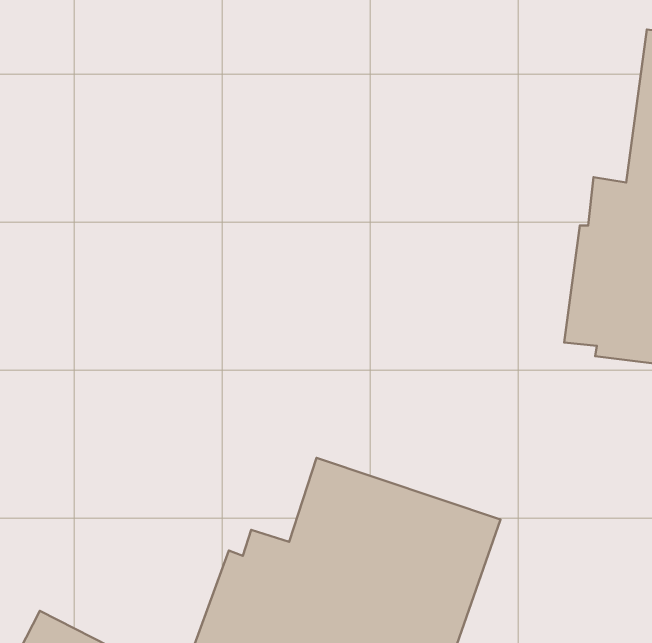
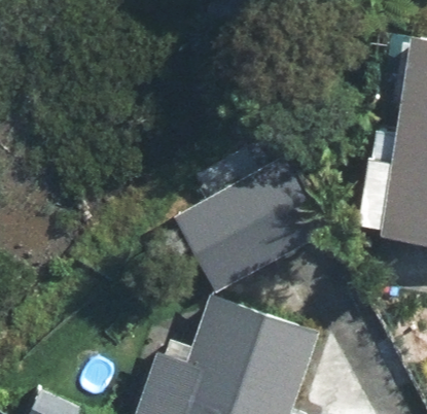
building: none -> [174,157,331,295]

